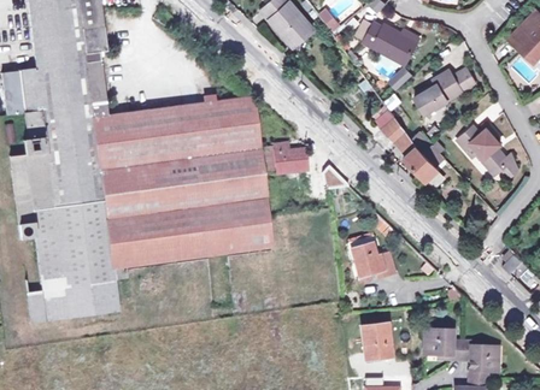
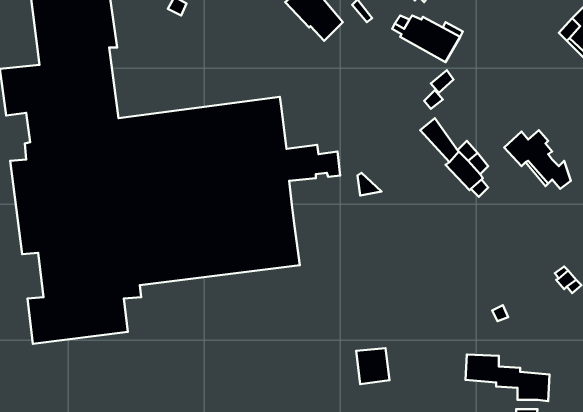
building: [416,71,477,117] -> none
building: [347,242,391,274] -> none
building: [360,324,391,356] -> [356,348,390,384]

